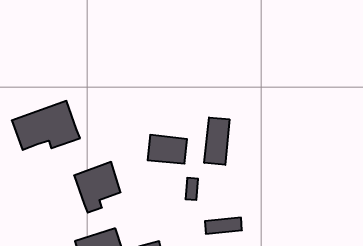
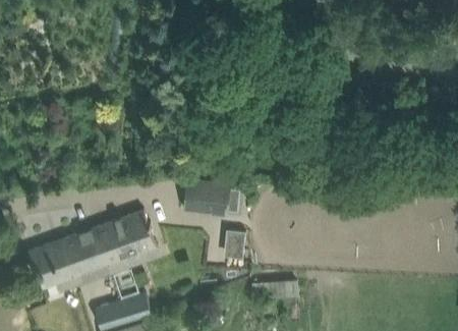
building: [12,101,80,150] -> [27,228,110,287]
building: [204,117,229,165] -> none

